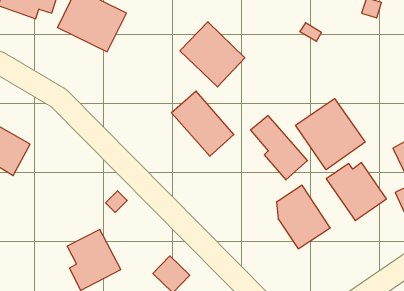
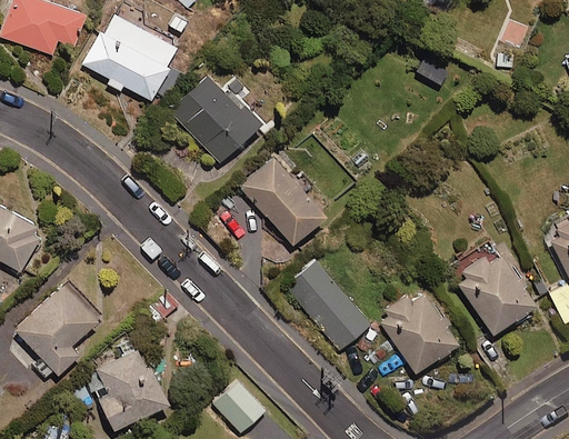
building: [180,22,245,87] -> [168,72,258,162]
building: [296,99,365,170] -> none
building: [251,116,308,180] -> [291,262,370,351]
building: none -> [16,283,99,375]

